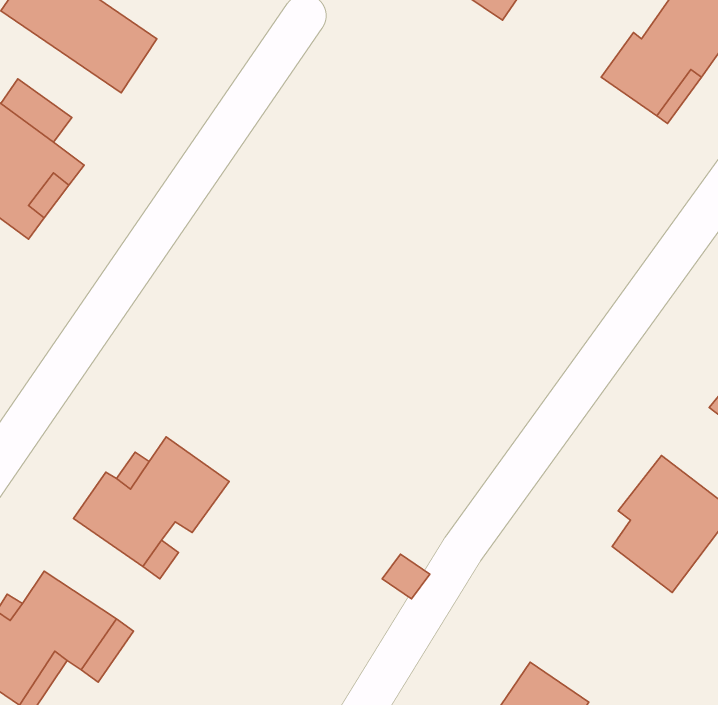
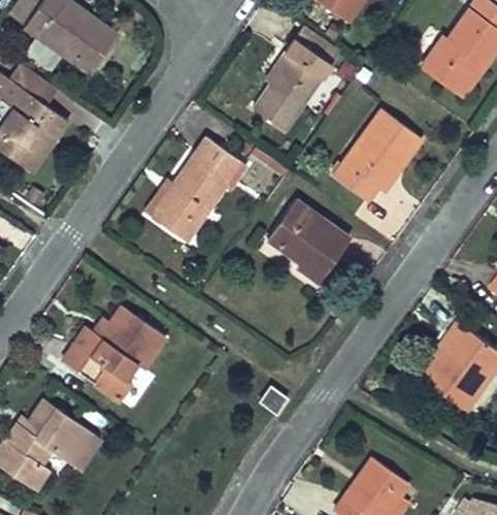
building: none -> [252,24,334,136]
building: none -> [334,114,417,198]
building: none -> [150,140,240,246]
building: none -> [267,201,347,284]

